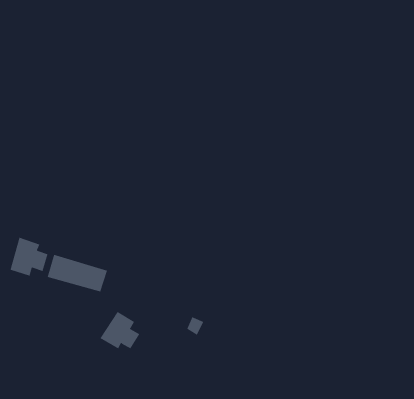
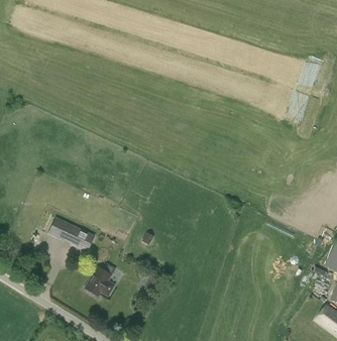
building: [10,237,48,276] -> none

